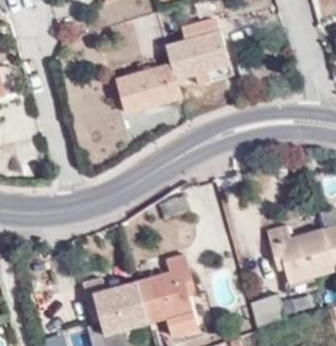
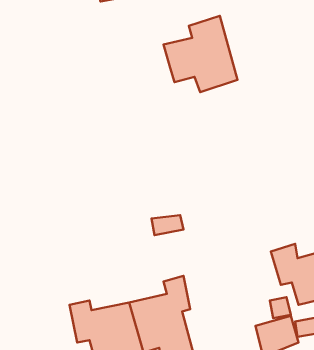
building: [118,65,182,111] -> none

